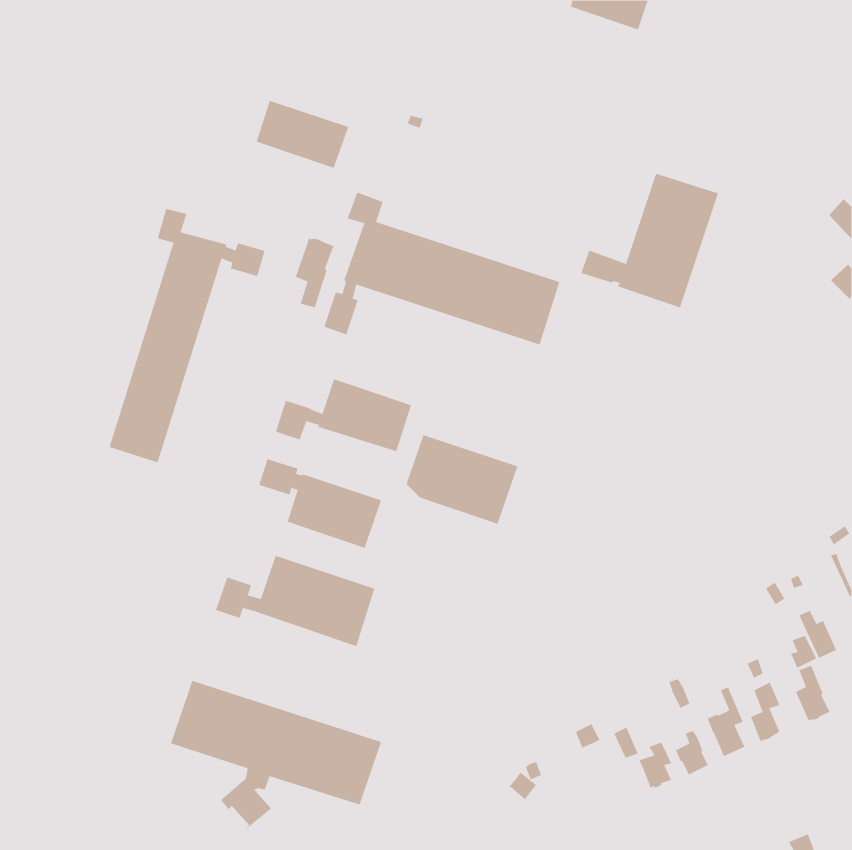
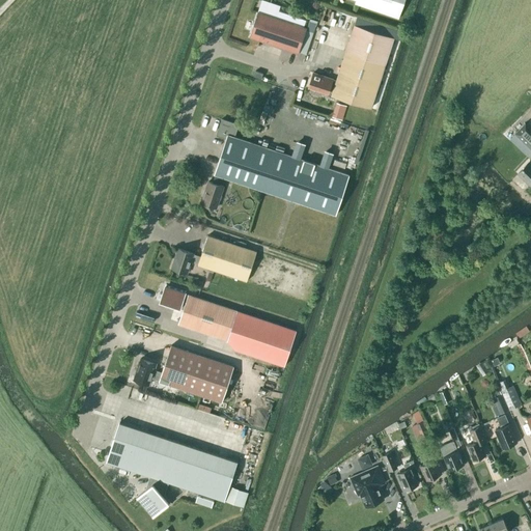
building: [256,100,349,169] -> [249,12,307,55]
building: [581,173,719,308] -> [308,26,394,110]
building: [109,208,265,463] -> none
building: [295,237,334,308] -> none
building: [406,434,518,524] -> [227,312,297,368]
building: none -> [350,467,385,508]

